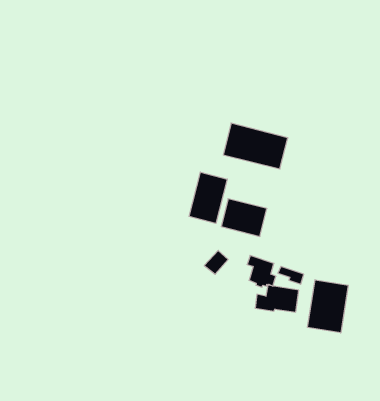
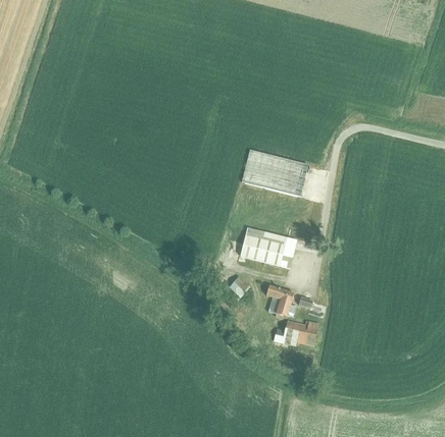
building: [189,172,227,223] -> none
building: [308,280,348,333] -> none

